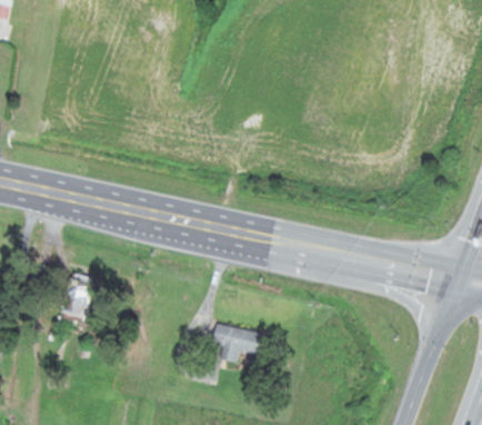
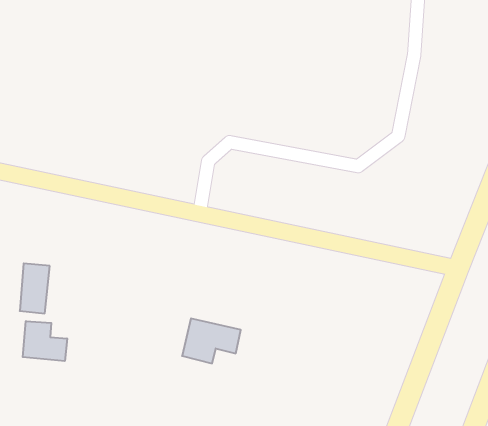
building: none -> [23,321,67,361]

